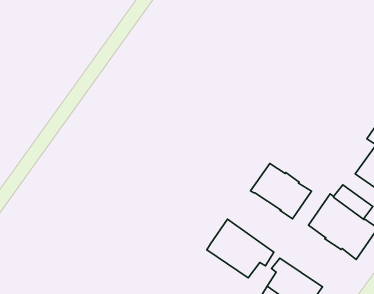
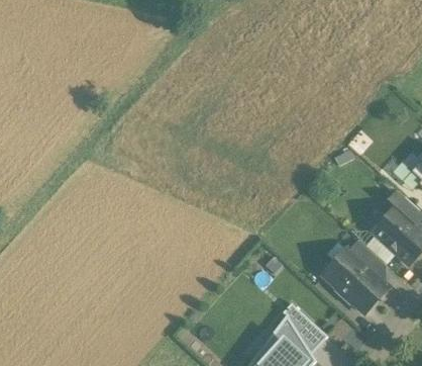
building: [251,163,312,219] -> none
building: [207,219,274,278] -> none

